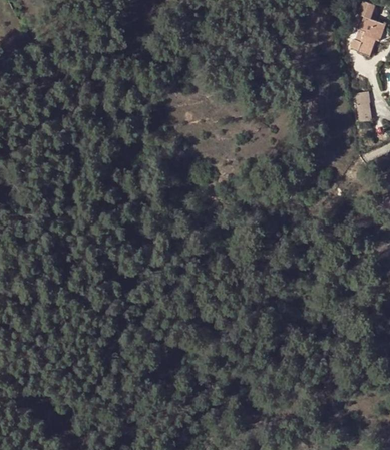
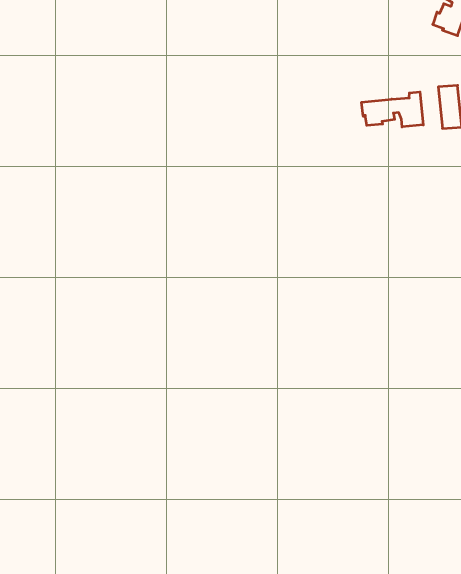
building: none -> [362,92,423,127]

